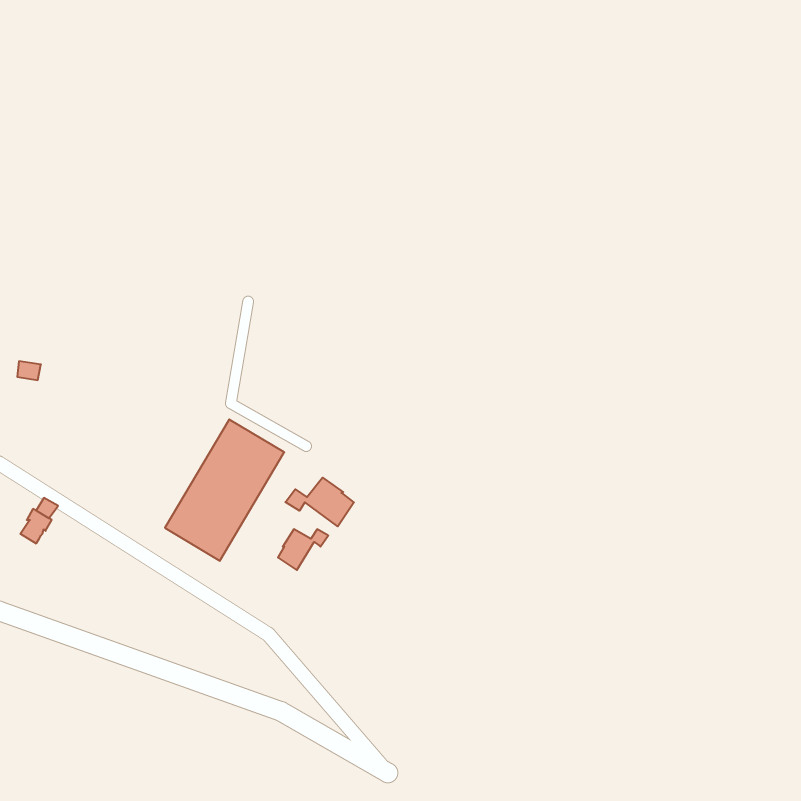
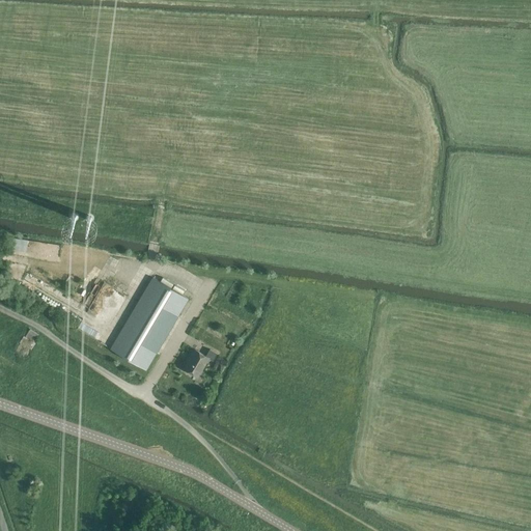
building: [285,478,354,526] -> none

